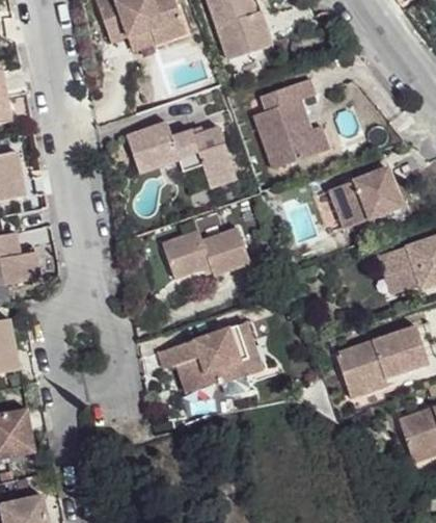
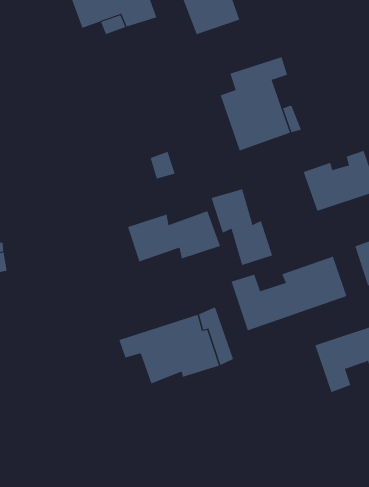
building: [125,120,239,186] -> none
building: none -> [211,189,273,266]
building: none -> [231,256,347,331]

